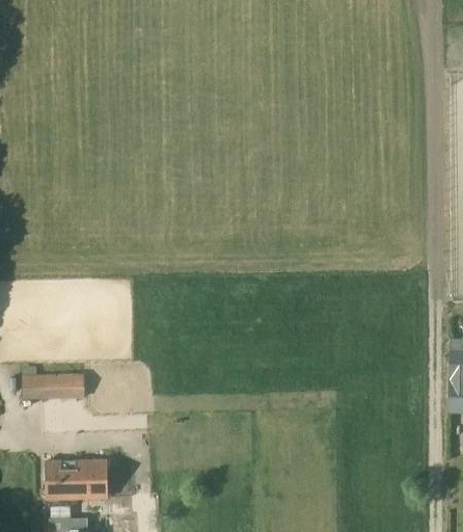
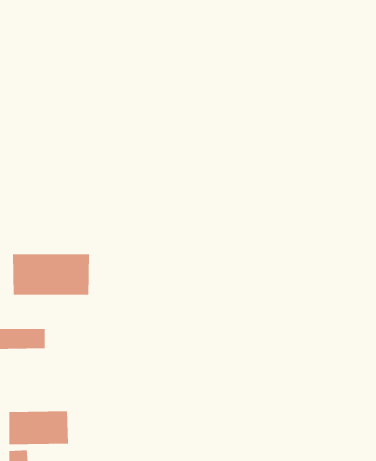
building: none -> [13,254,89,295]

